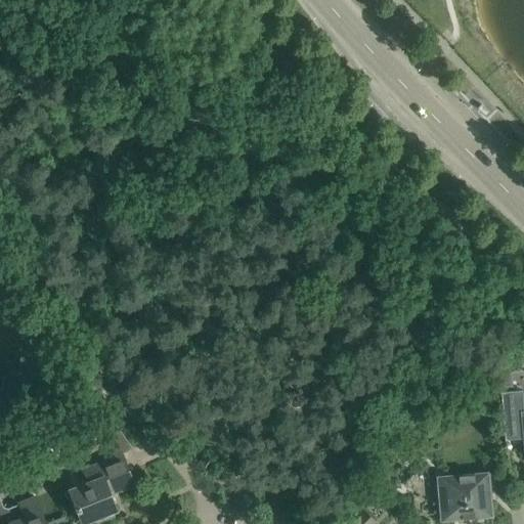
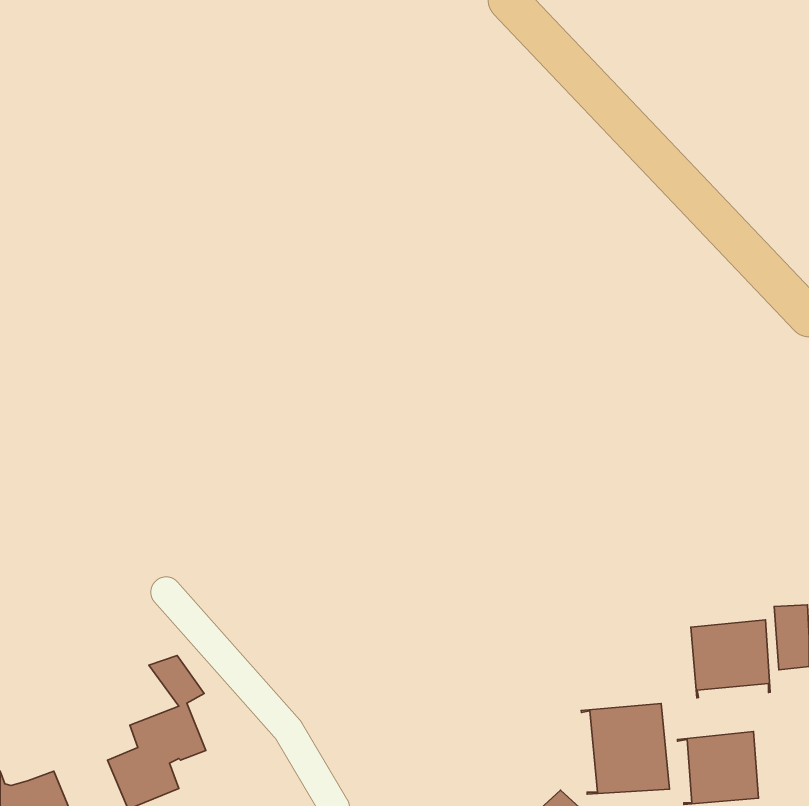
building: none -> [691,620,770,698]
building: none -> [581,704,670,794]

